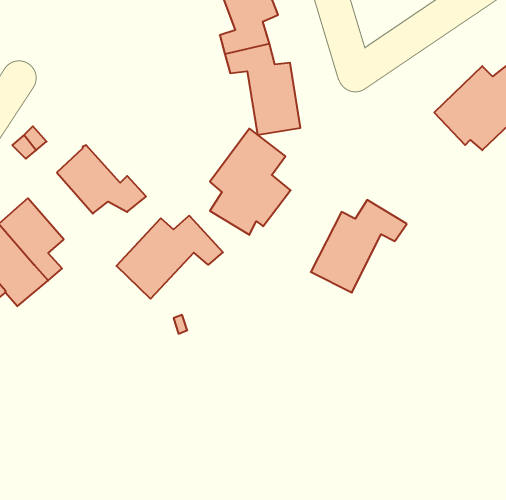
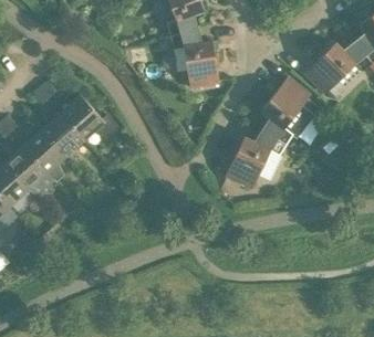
building: [210,129,291,235] -> [260,76,312,145]
building: none -> [41,112,83,155]
building: [116,216,223,299] -> none

